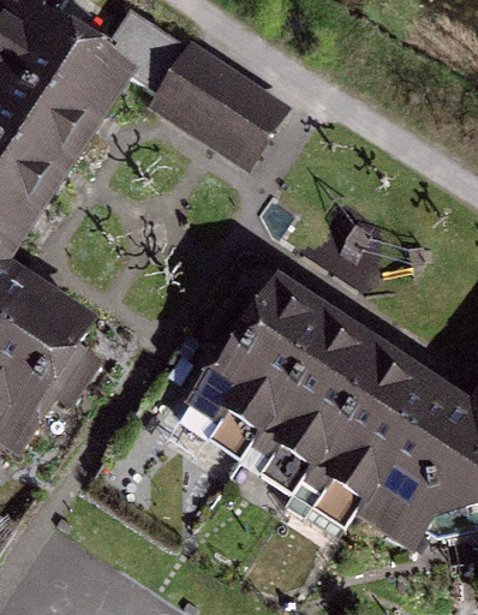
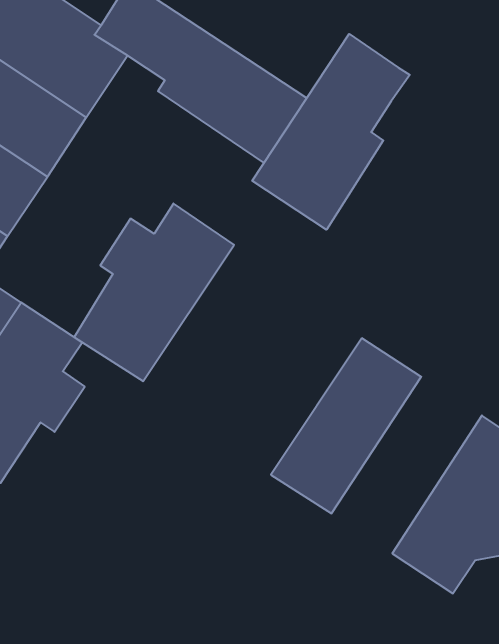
building: none -> [252,34,410,230]
building: [195,283,334,438] -> [74,203,234,381]
building: [287,353,438,538] -> none

